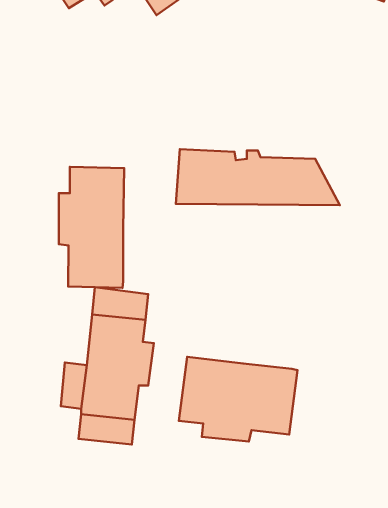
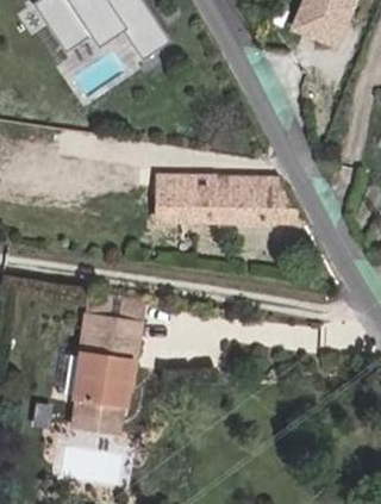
building: [59,167,124,288] -> none
building: [179,357,298,442] -> none

